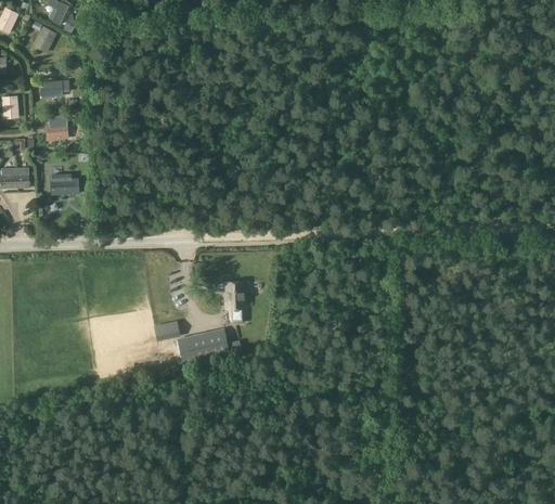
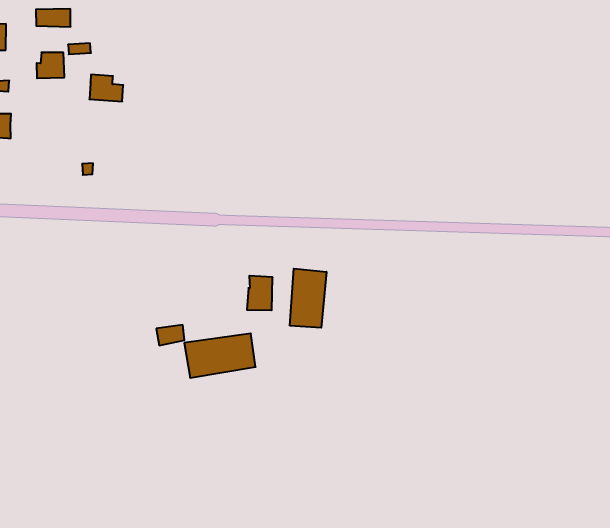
building: [51,175,77,194] -> [89,75,123,101]
building: none -> [290,269,326,328]

